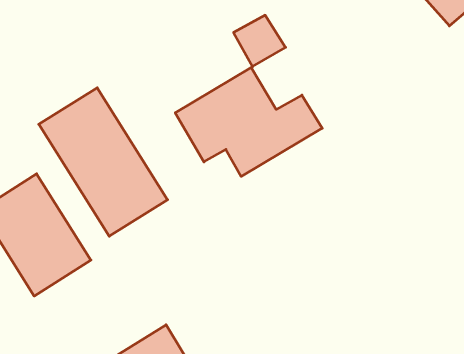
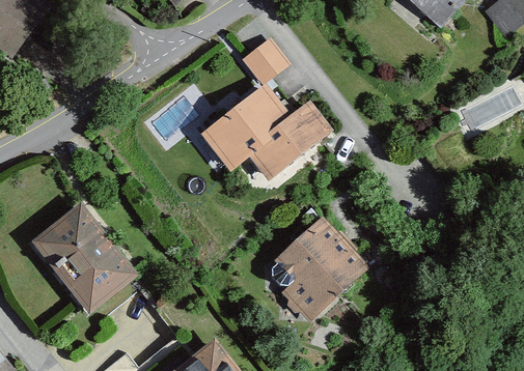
building: [39,88,168,236] -> none
building: none -> [277,215,369,323]

